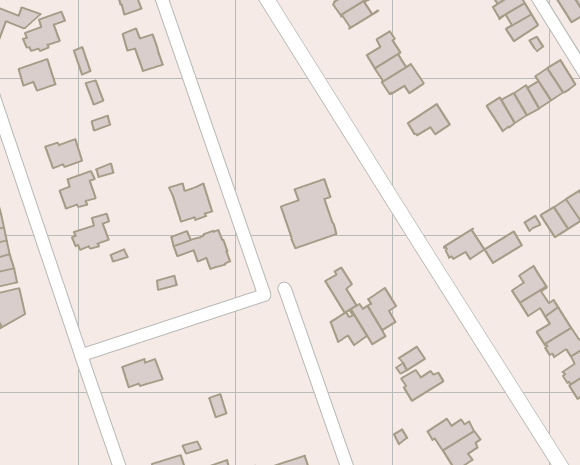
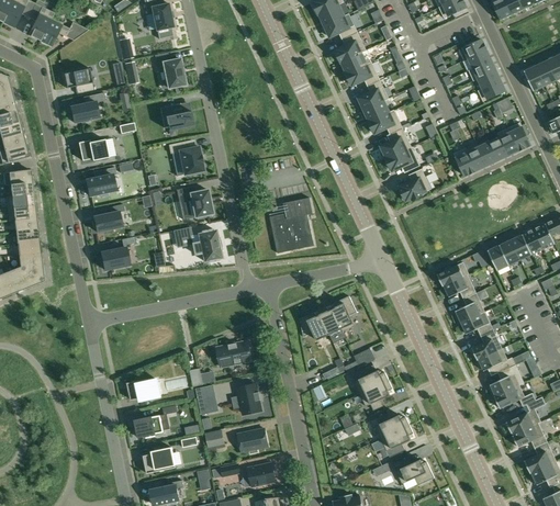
building: none -> [346,61,380,86]
building: [23,12,65,51] -> [68,92,105,123]
building: none -> [381,127,412,159]
building: none -> [161,102,193,131]
building: none -> [400,168,432,200]
building: none -> [168,140,203,176]
building: [444,229,485,259] -> [443,273,477,299]
building: none -> [101,247,130,269]
building: [325,268,357,313] -> none
building: none -> [216,341,253,366]
building: [122,359,163,387] -> [127,378,160,400]
building: none -> [360,380,393,409]
building: none -> [232,384,261,413]
building: none -> [197,385,219,414]

